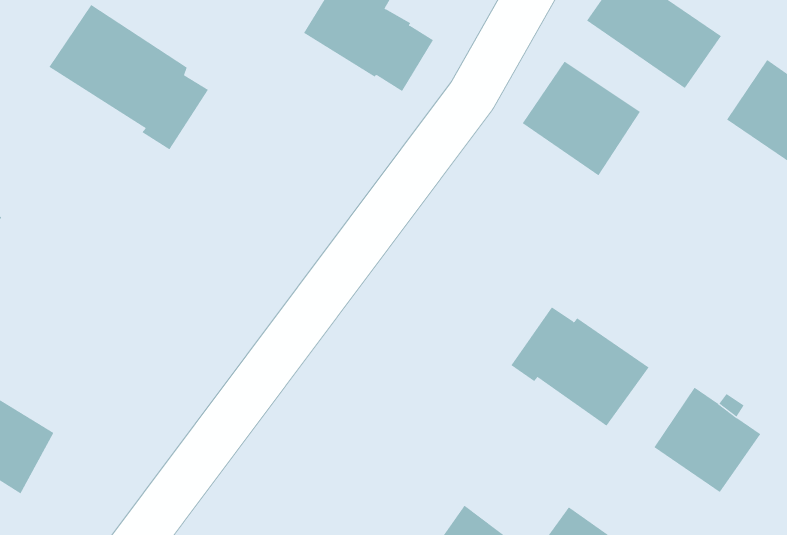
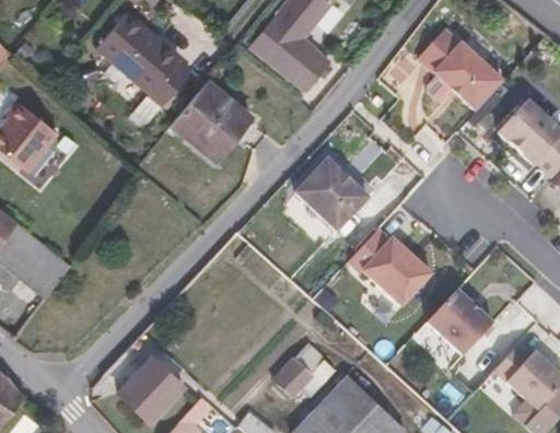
building: [522,61,641,176] -> [294,161,366,233]
building: none -> [171,81,252,161]

